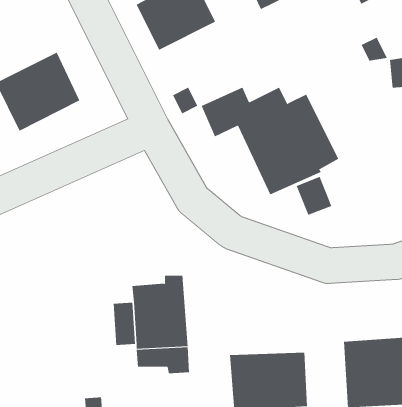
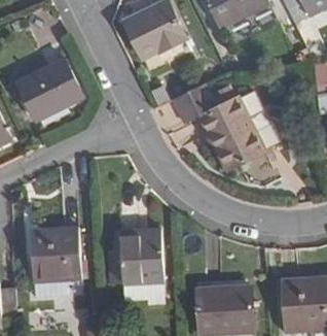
building: none -> [30,227,79,296]

